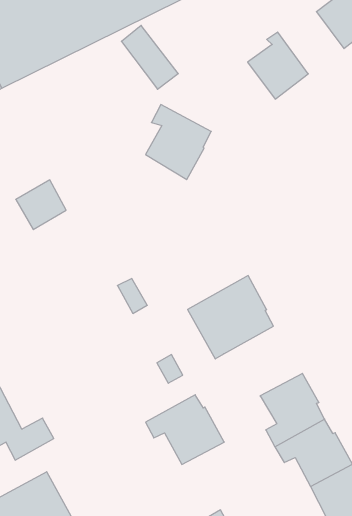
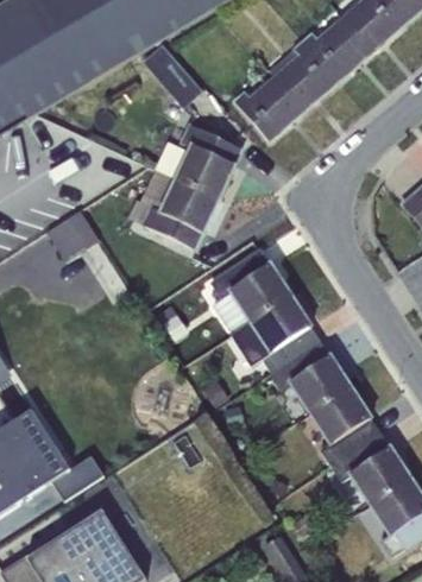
building: none -> [302,15,371,80]
building: none -> [233,72,304,139]
building: none -> [141,175,220,247]
building: none -> [210,248,290,330]
building: [146,395,224,464] -> [271,341,353,413]

